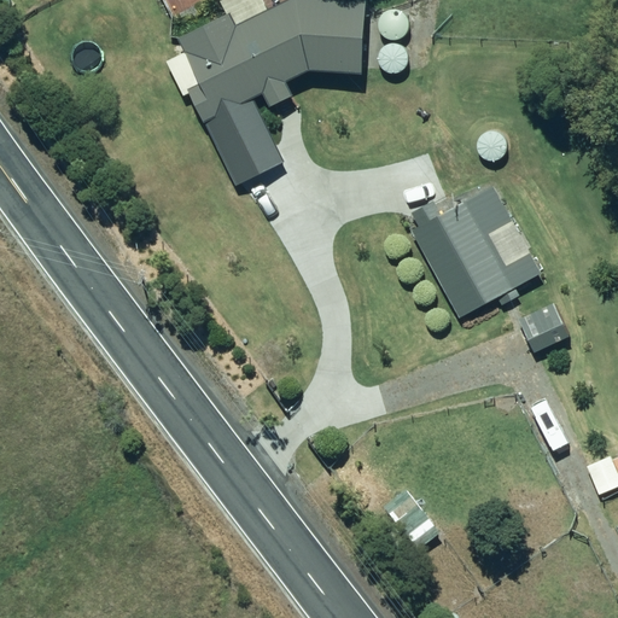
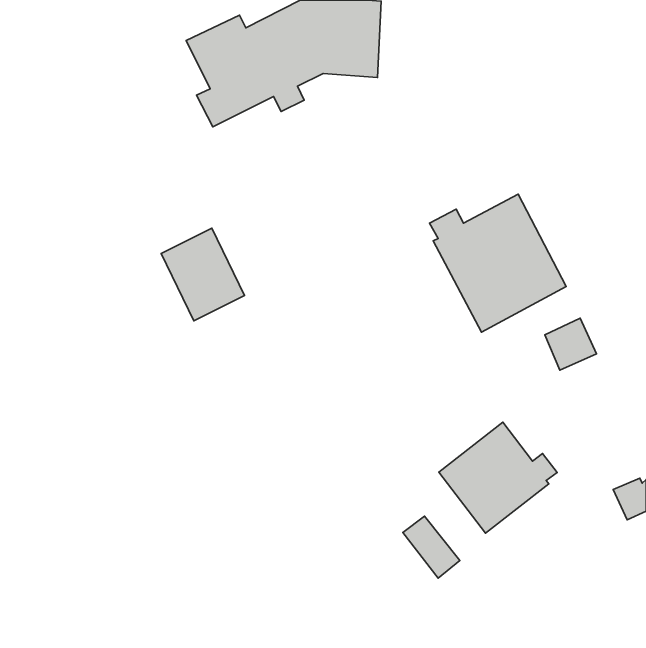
building: [203,97,282,185] -> [161,228,245,321]
building: none -> [439,422,557,533]

